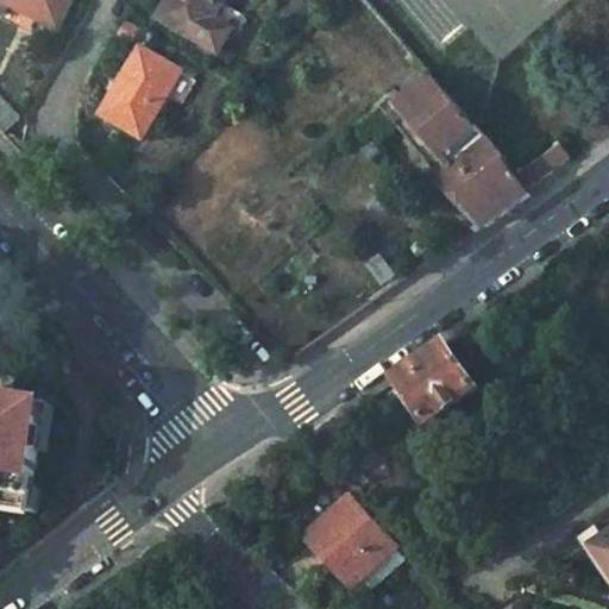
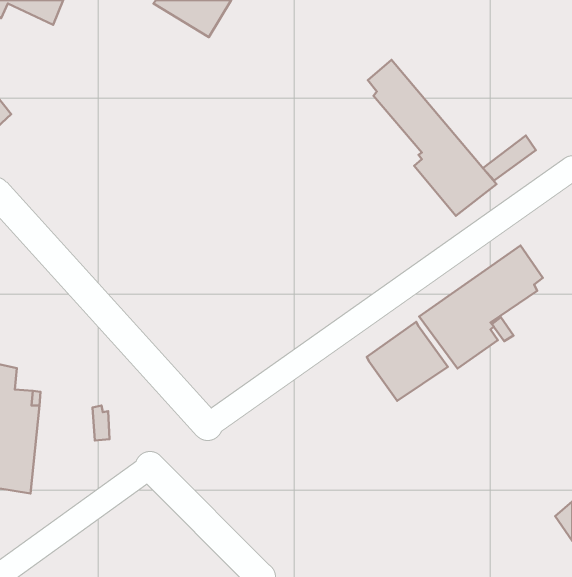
building: [98,46,178,138] -> none
building: none -> [419,246,543,369]
building: [300,495,393,588] -> none

